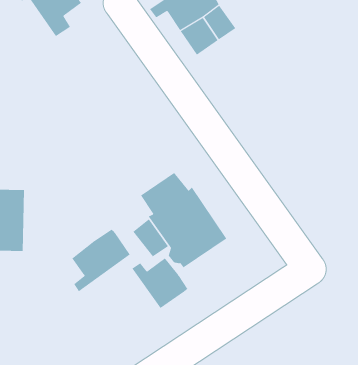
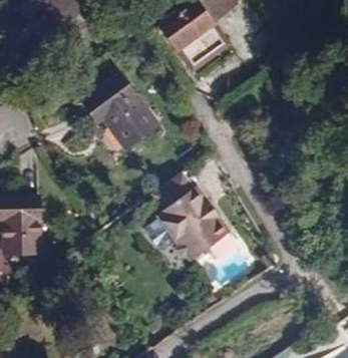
building: none -> [82,77,156,149]
building: [71,229,131,292] -> none
building: [131,257,188,309] -> none

